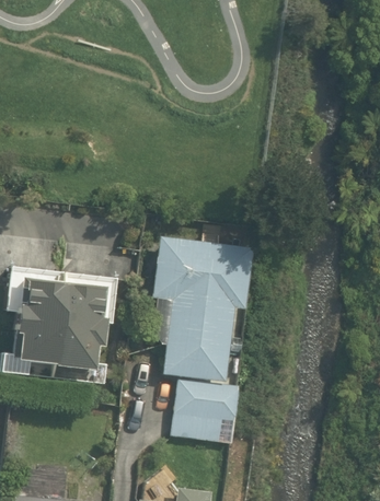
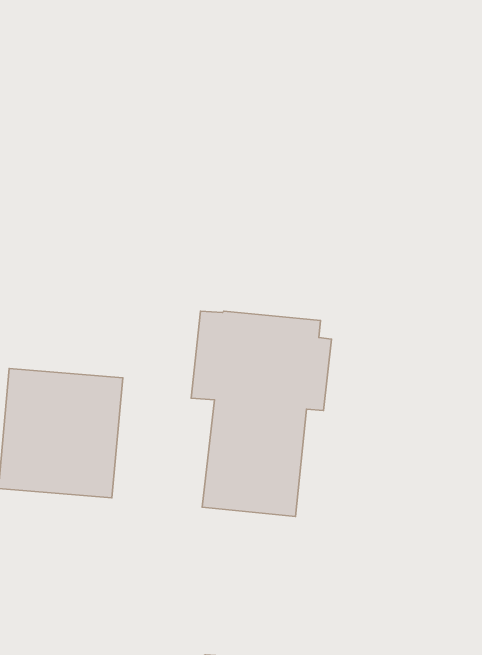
building: [172,383,246,440] -> none

